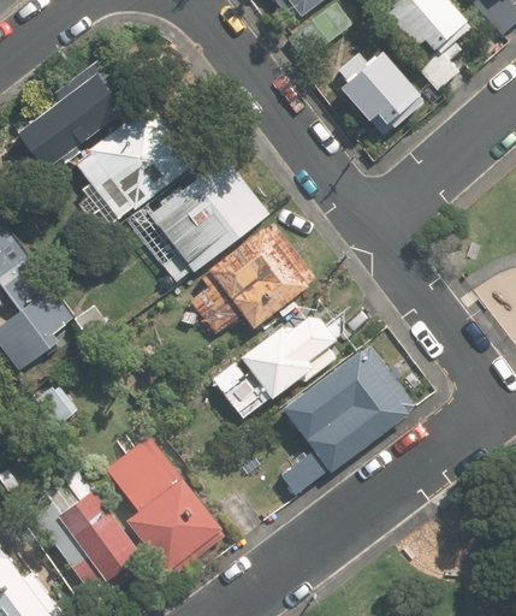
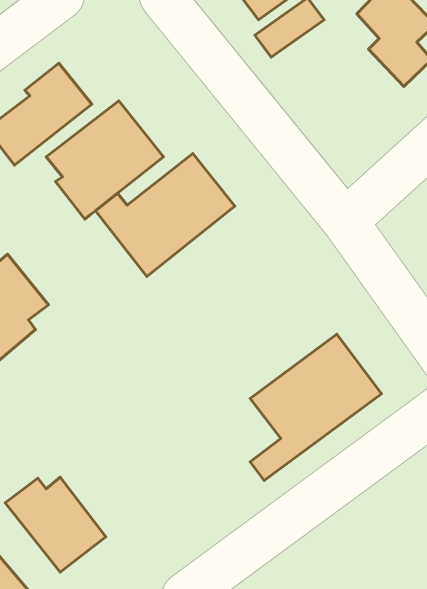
building: [342,52,423,126] -> none
building: [195,218,319,328] -> none
building: [212,312,349,420] -> none
building: [120,449,218,570] -> none

